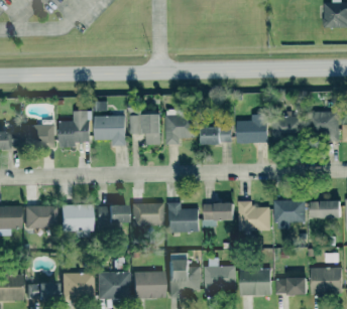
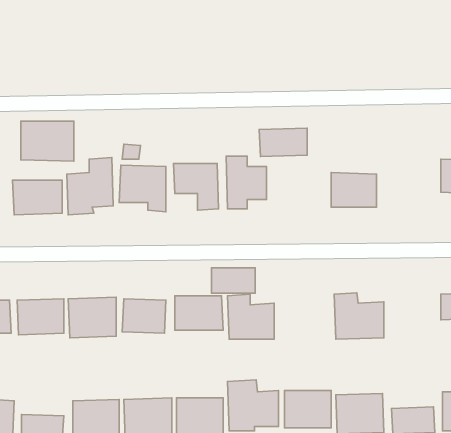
building: none -> [21,121,74,161]
building: [271,109,297,139] -> none
building: [199,126,231,145] -> [259,128,307,157]
building: [274,201,306,223] -> none
building: [203,203,232,220] -> [211,268,255,293]

